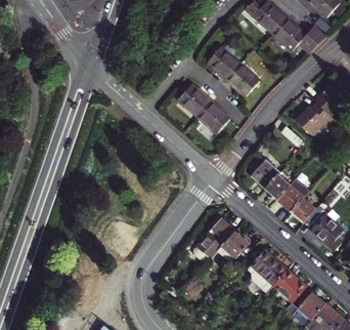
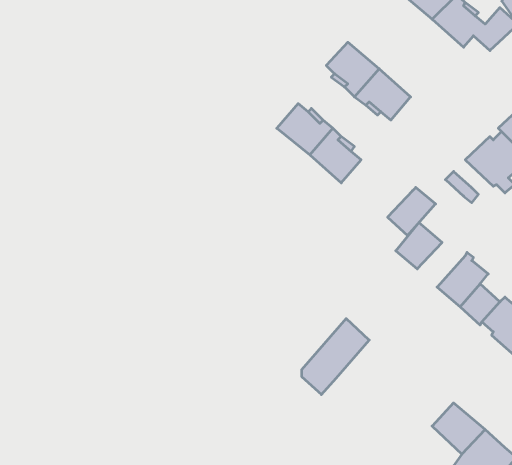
building: [264,168,294,198] -> [388,187,436,235]
building: [214,231,248,265] -> none
building: [247,249,287,292] -> none

